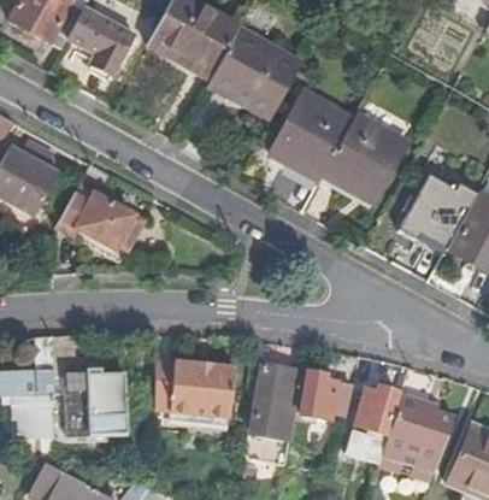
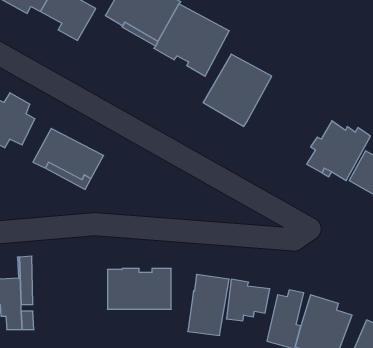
building: [323,114,407,204] -> none
building: [69,373,128,435] -> none

